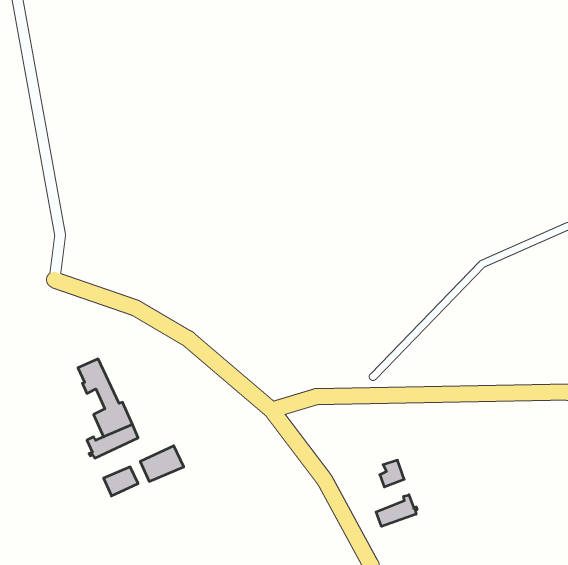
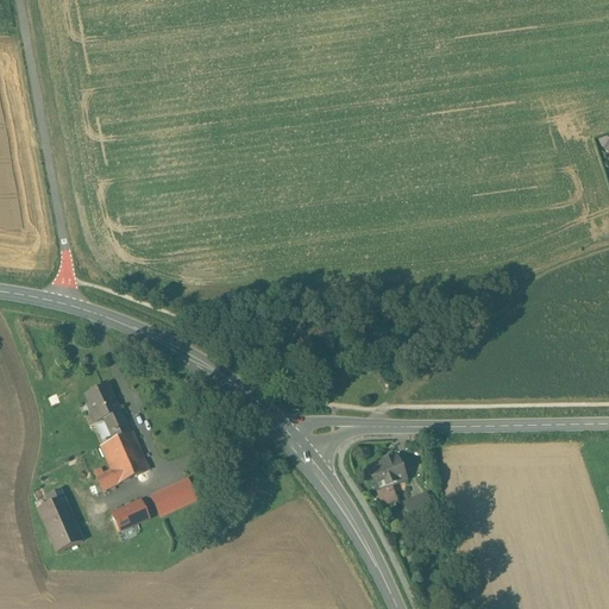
building: none -> [366,454,403,502]
building: none -> [36,495,81,550]
building: [376,495,417,526] -> none

